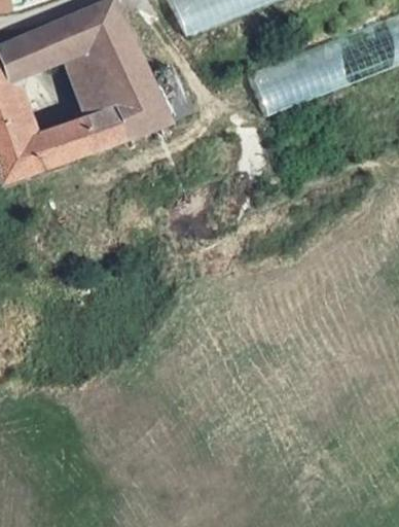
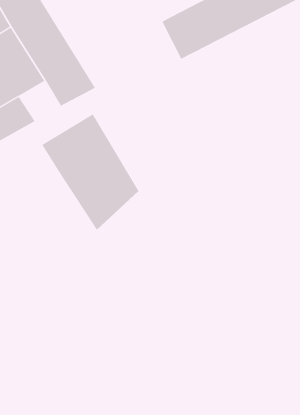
building: [84,109,126,150] -> none
building: none -> [41,114,139,231]

